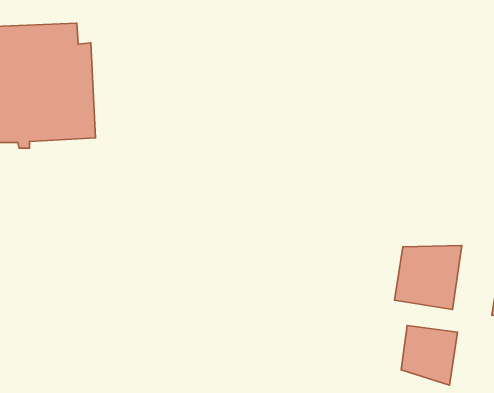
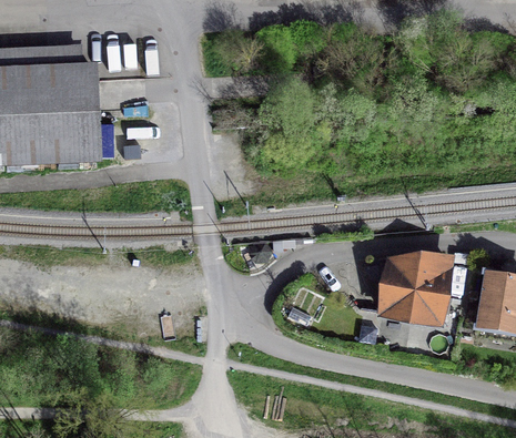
building: [401,325,457,385] -> none

